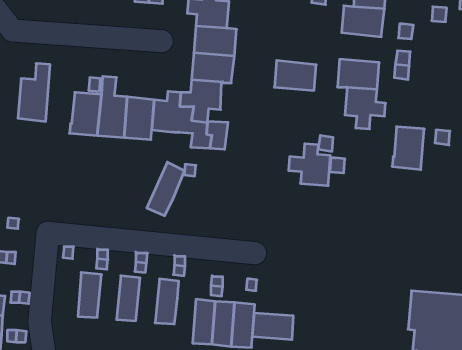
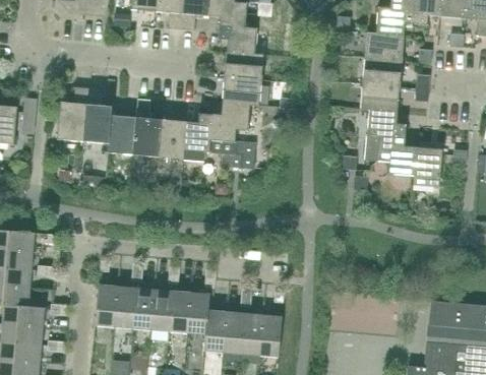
building: [274,60,316,90] -> [362,57,402,85]
building: none -> [83,87,113,143]
building: [289,144,330,186] -> [376,135,416,175]
building: [147,162,185,216] -> none
building: none -> [95,283,117,326]
building: none -> [132,287,155,329]
building: none -> [169,290,191,332]
building: none -> [203,309,226,352]
building: [252,313,293,340] -> none

